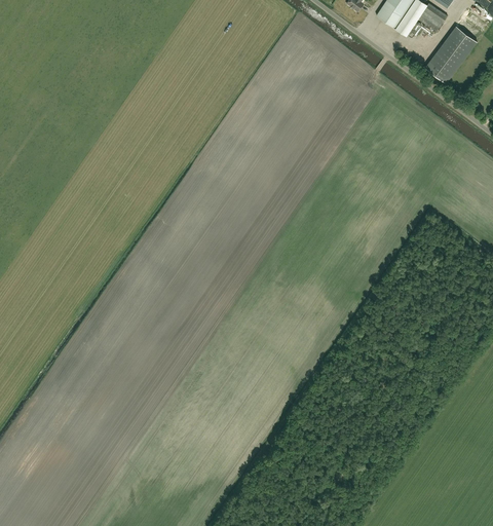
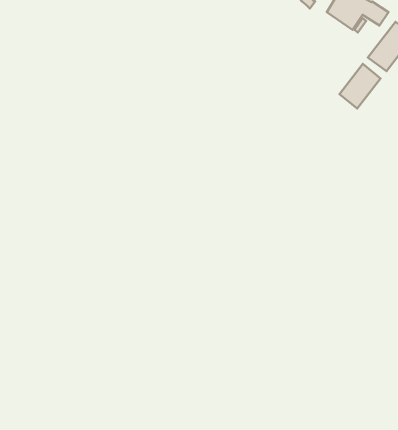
building: none -> [340,64,380,109]

